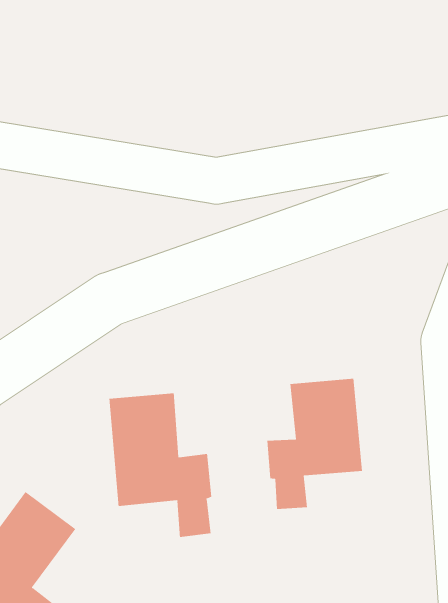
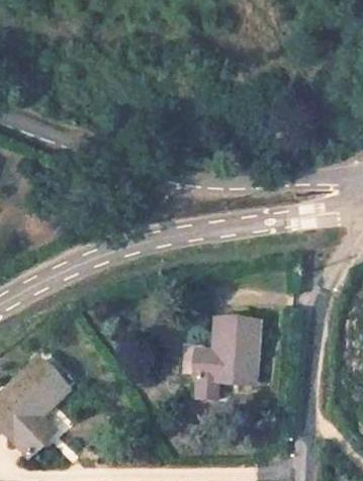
building: [109,392,212,538] -> none

